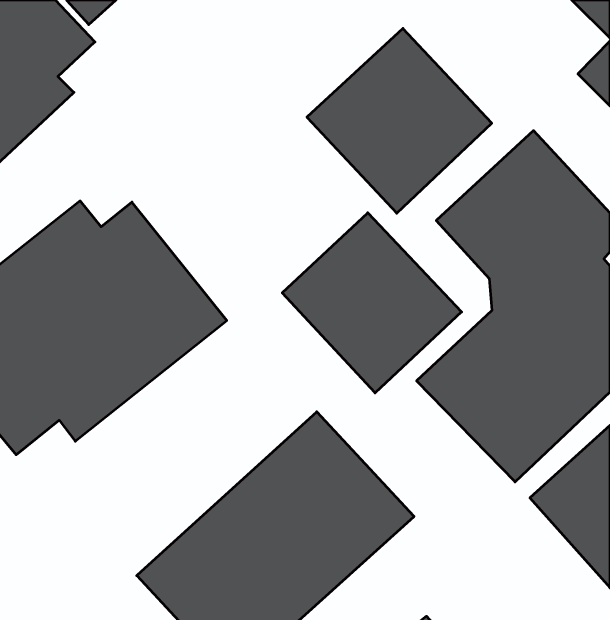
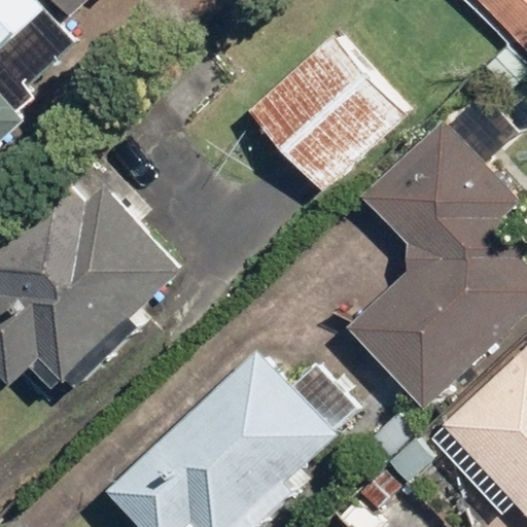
building: [282,213,462,393] -> none

